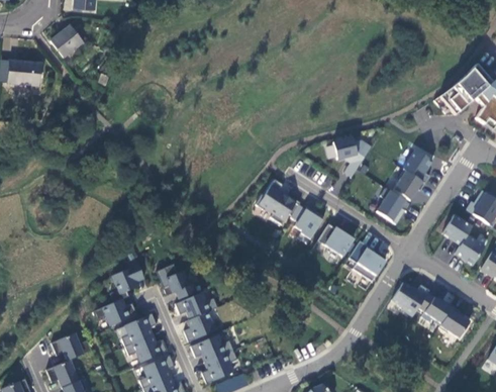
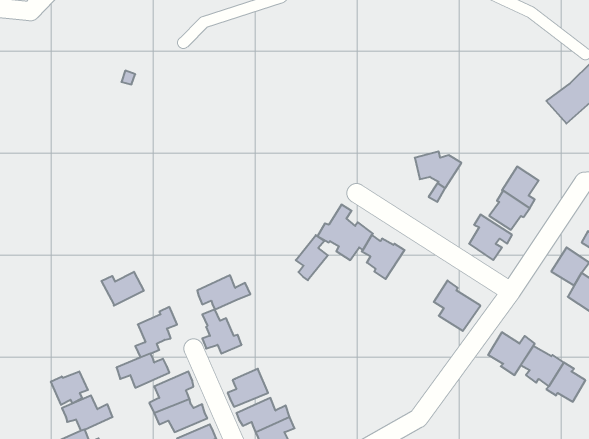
building: [51,25,84,58] -> none
building: [7,61,41,86] -> none
building: none -> [296,235,328,280]
building: [318,224,354,257] -> none
building: none -> [101,272,144,306]
building: [176,292,218,319] -> [197,275,250,309]
building: none -> [51,371,88,405]

